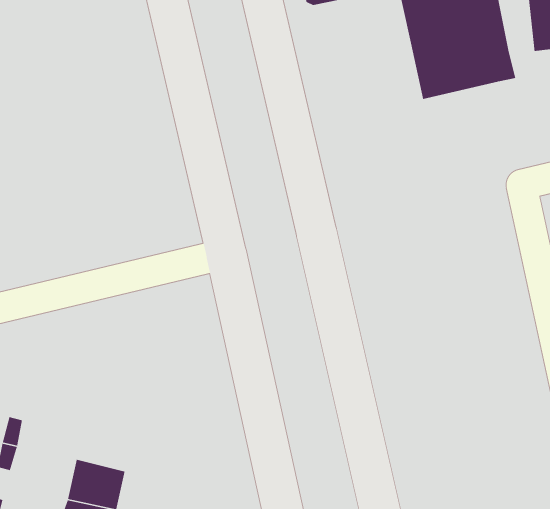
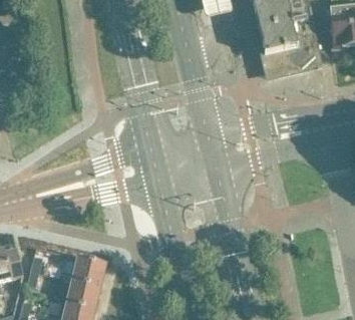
building: none -> [72,254,106,284]

